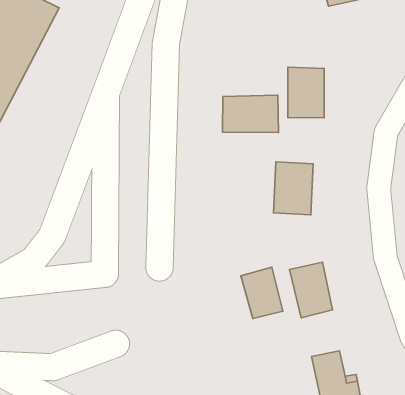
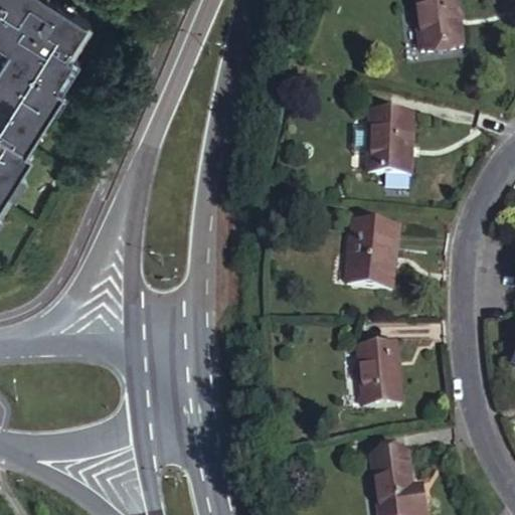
building: [223,95,279,132] -> none
building: [241,267,283,318] -> none

